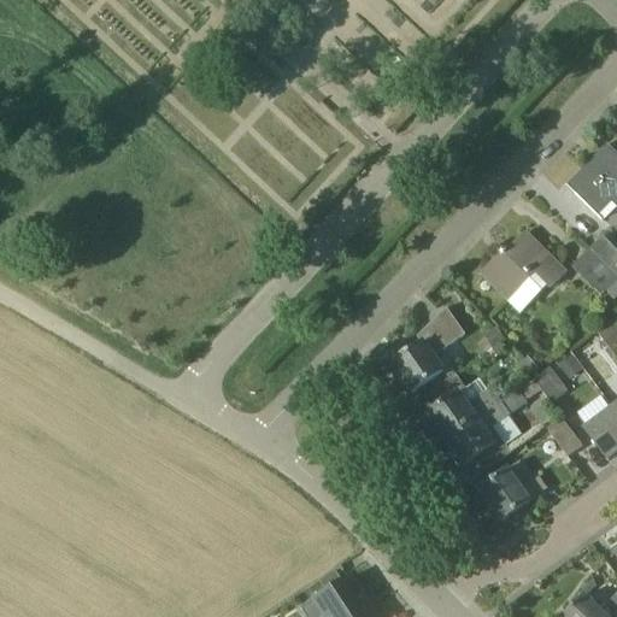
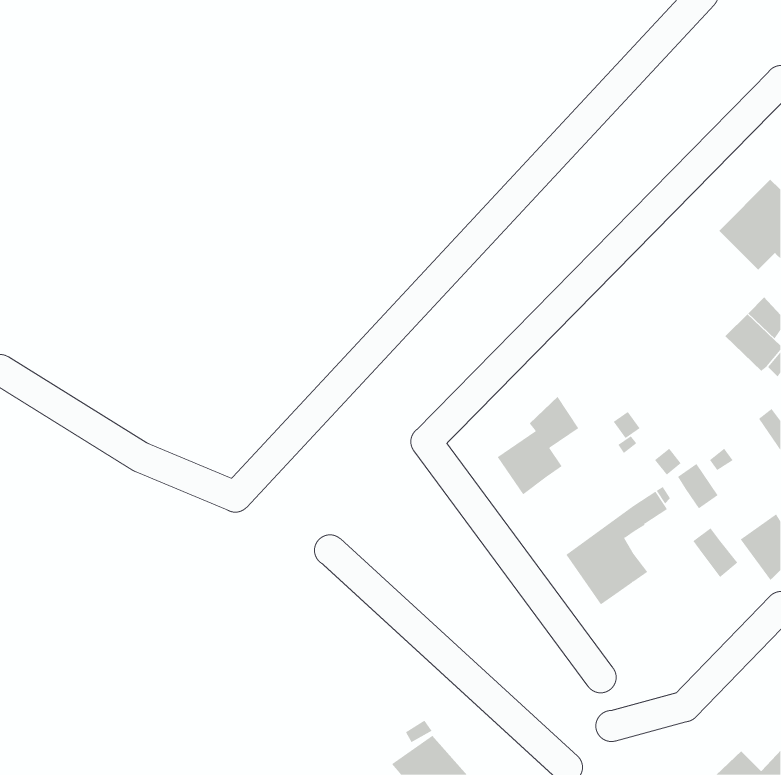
building: [480,230,568,311] -> none
building: [425,371,499,437] -> none
building: [480,459,547,518] -> none

